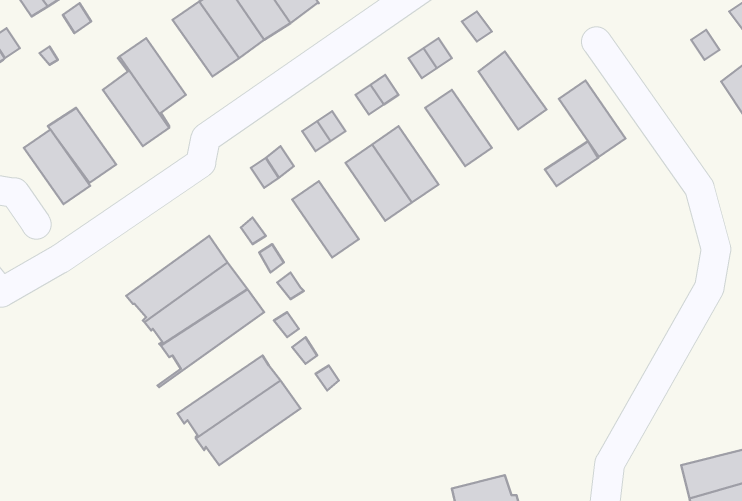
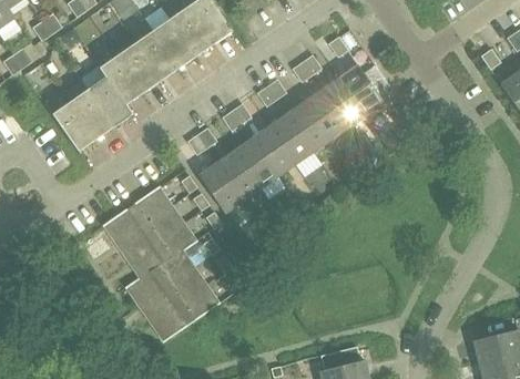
building: none -> [118,42,162,92]
building: [559,80,625,157] -> [322,76,366,127]
building: none -> [286,101,330,152]
building: [24,129,90,204] -> [71,89,115,139]
building: none -> [233,137,277,188]
building: none -> [197,162,242,213]
building: none -> [126,237,197,305]

